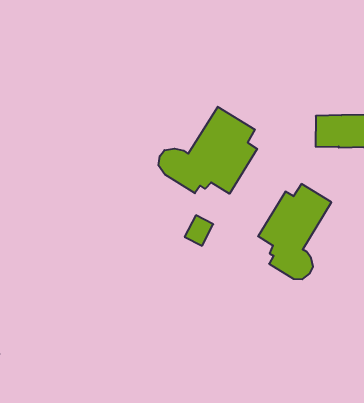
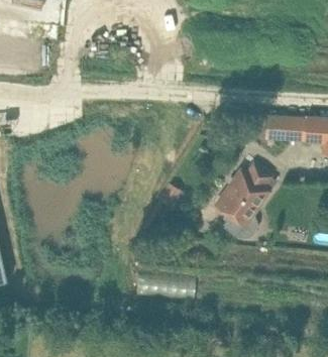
building: [159,107,257,194] -> none

